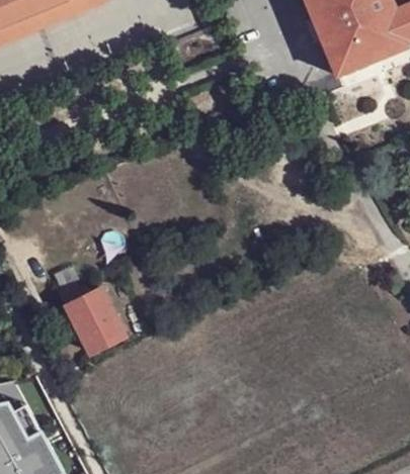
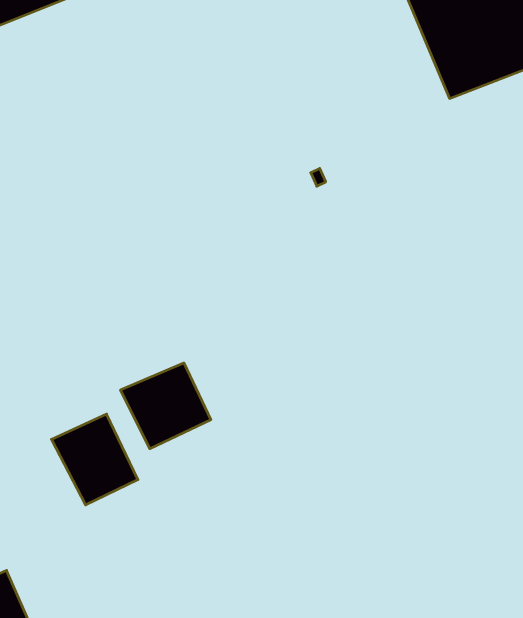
building: none -> [121,363,211,449]

